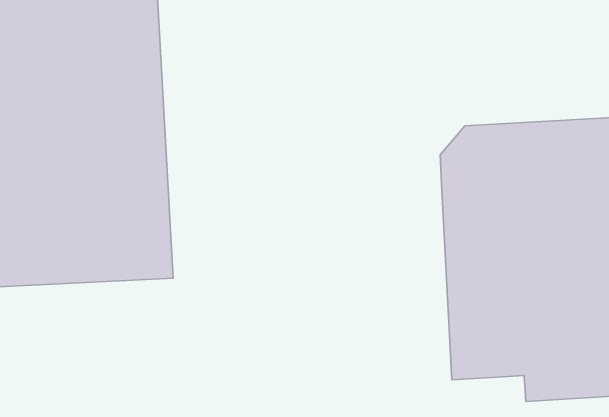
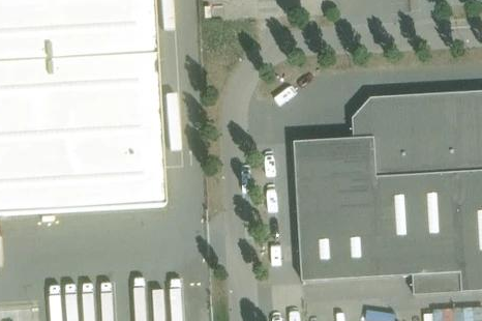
building: none -> [295,138,362,281]

